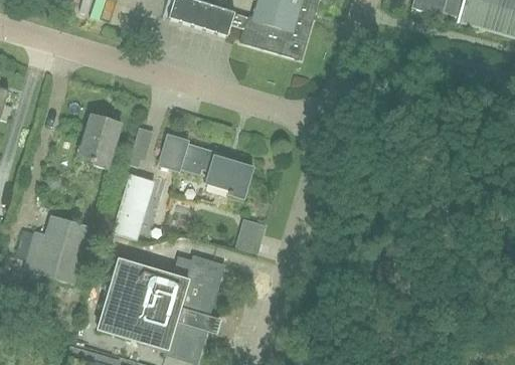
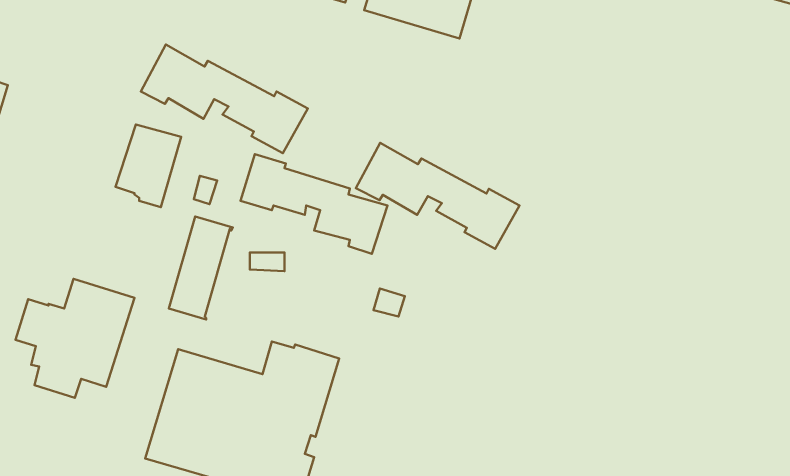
building: none -> [141,45,308,153]
building: none -> [356,143,520,249]

